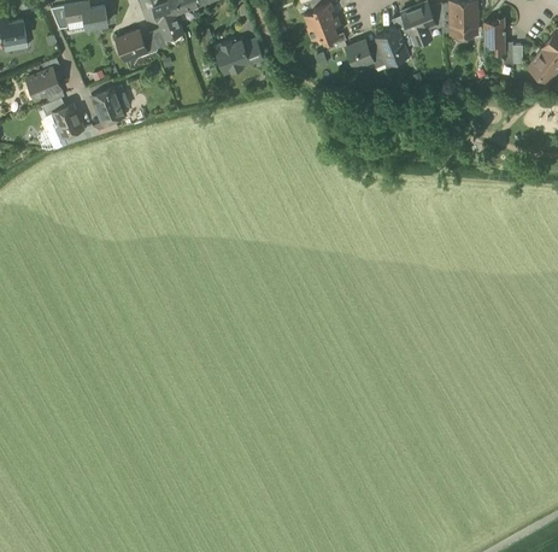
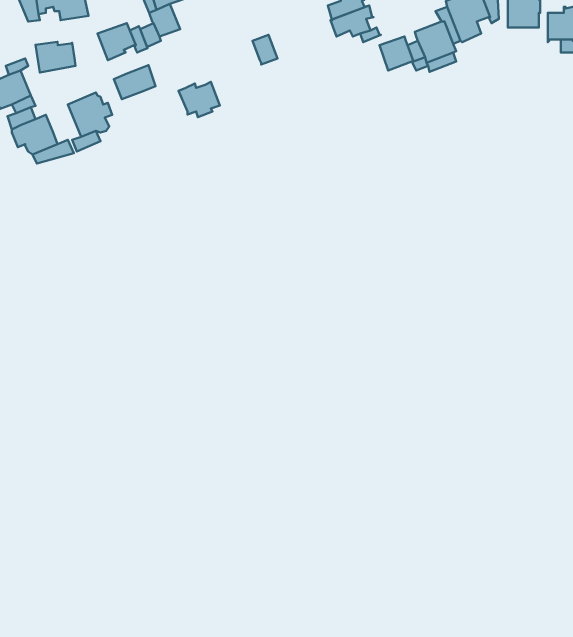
building: [215,40,248,69] -> [178,82,220,117]
building: none -> [35,42,76,72]
building: none -> [114,65,155,99]

